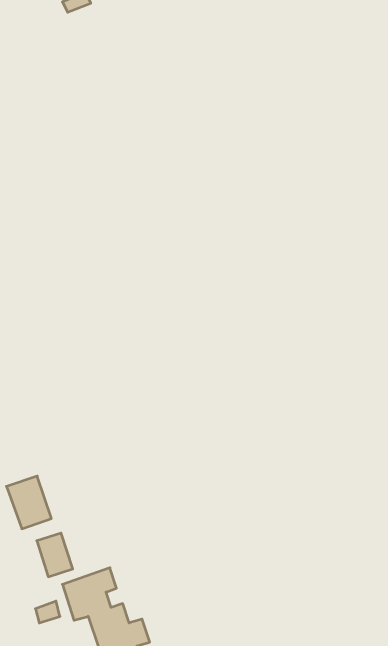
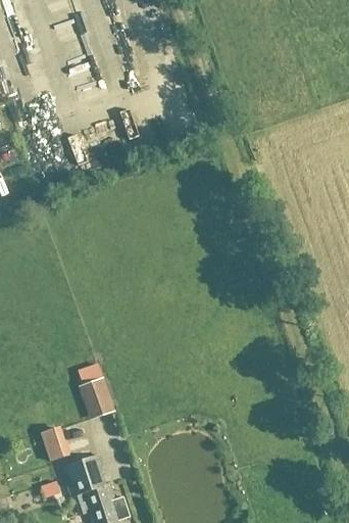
building: [6,476,51,529] -> [78,378,113,420]

